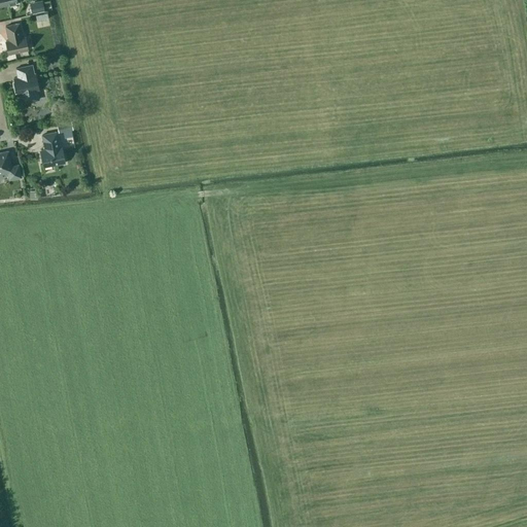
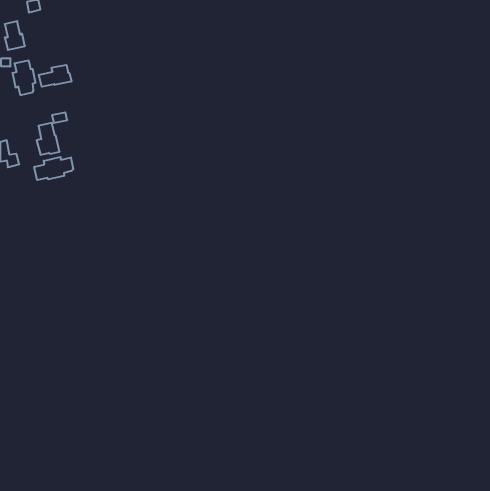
building: none -> [39,65,71,87]
building: none -> [34,157,73,180]

